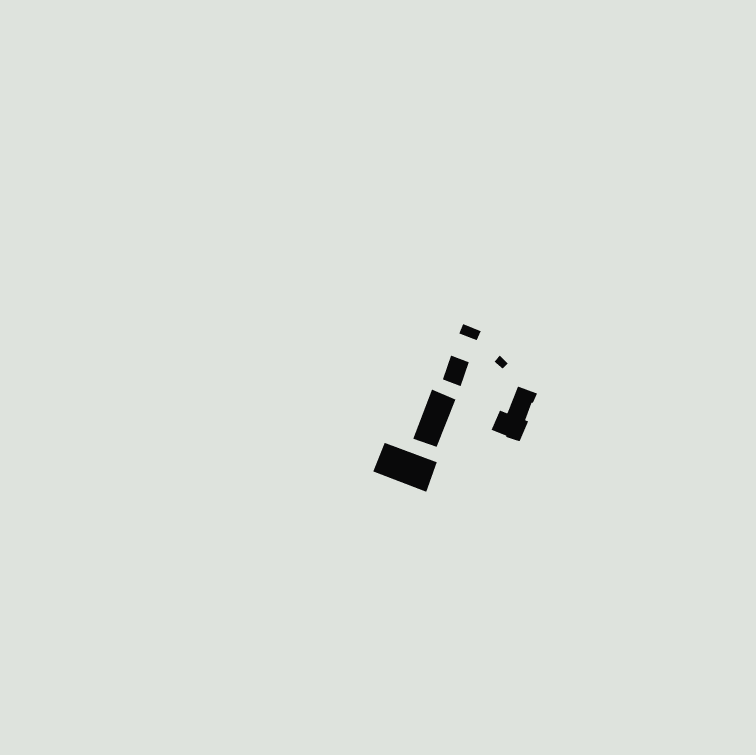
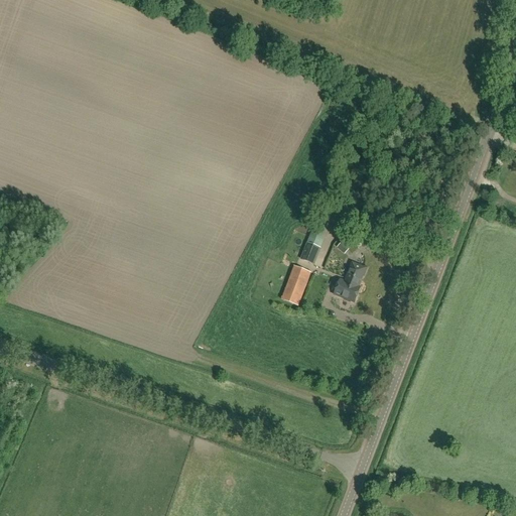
building: [372,442,438,493] -> none

